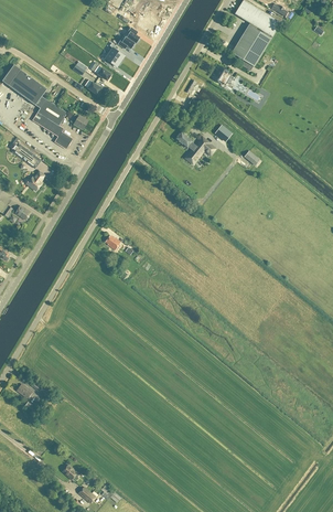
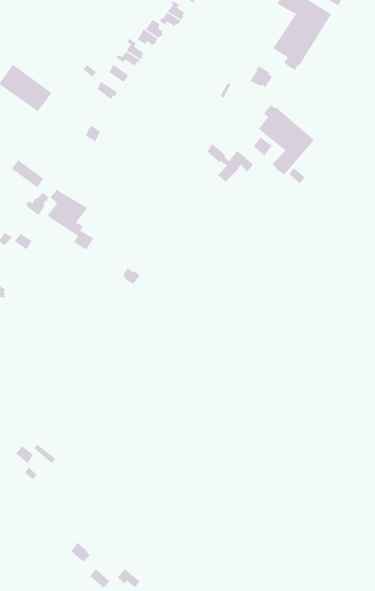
building: [32,96,72,148] -> [47,188,94,250]
building: none -> [258,104,315,176]

